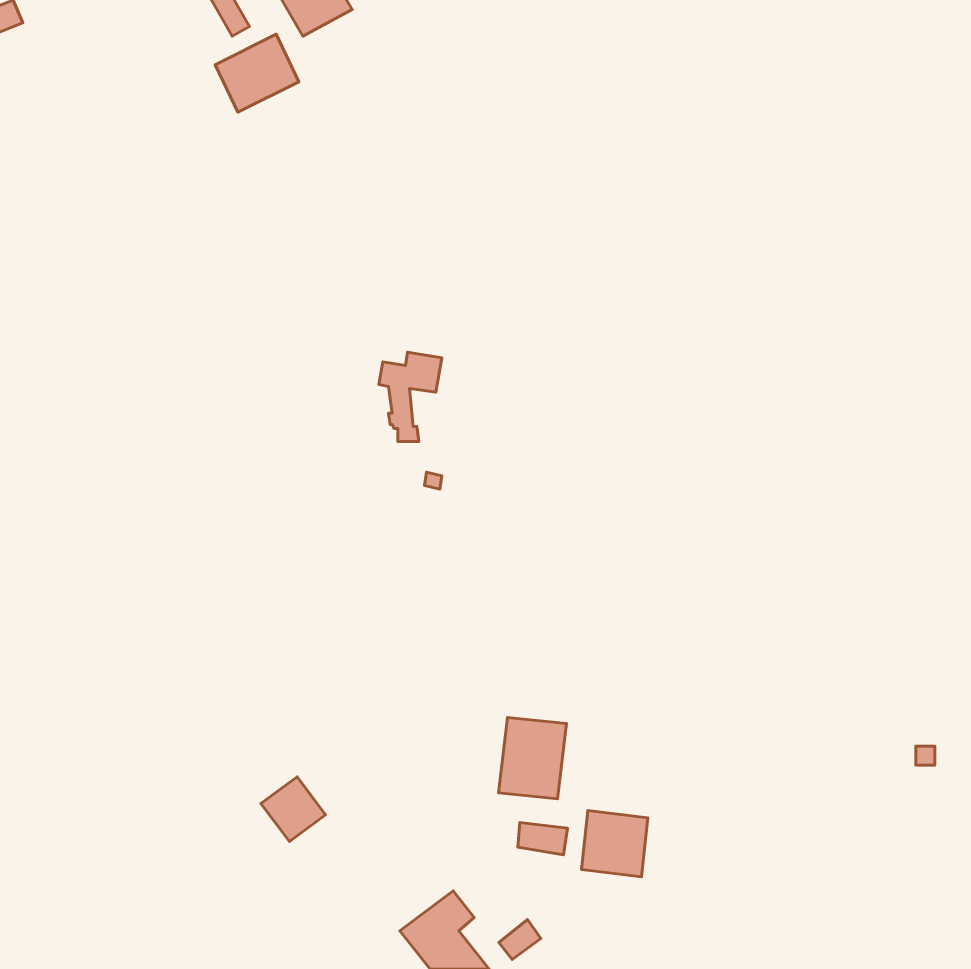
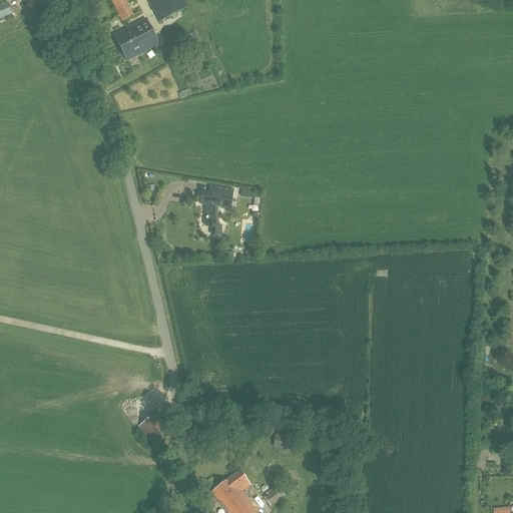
building: [498,718,566,799] -> none
building: [581,811,648,877] -> none

